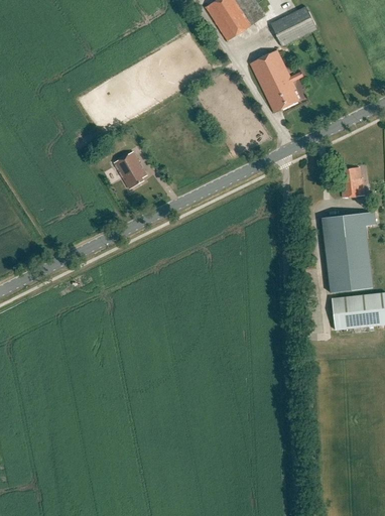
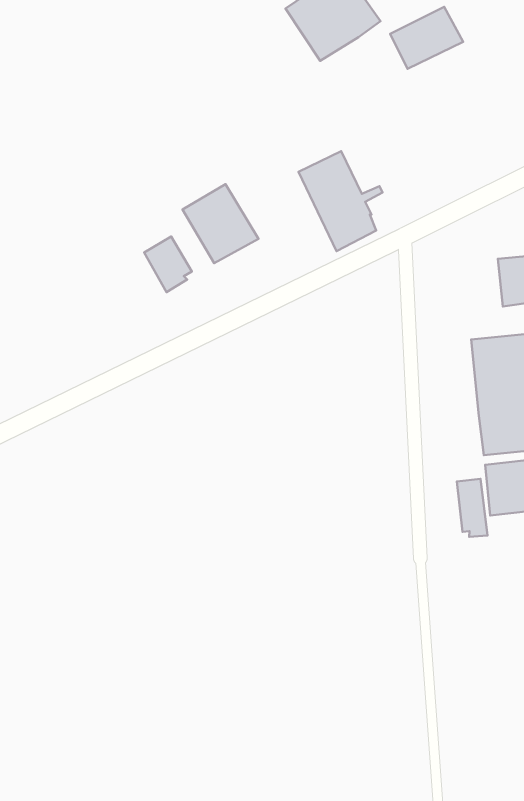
building: [249,49,302,113] -> [298,151,383,251]
building: none -> [183,184,259,263]
building: none -> [457,479,487,537]

